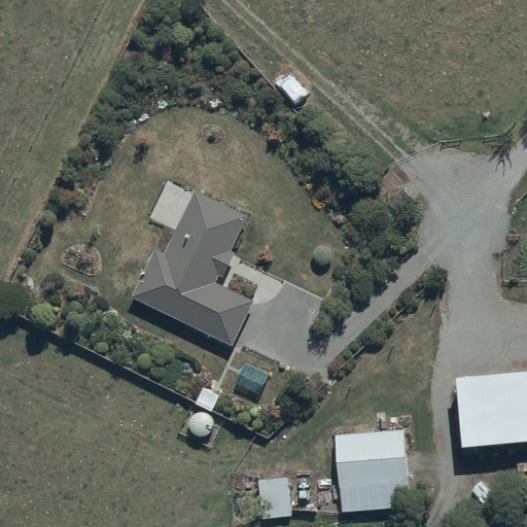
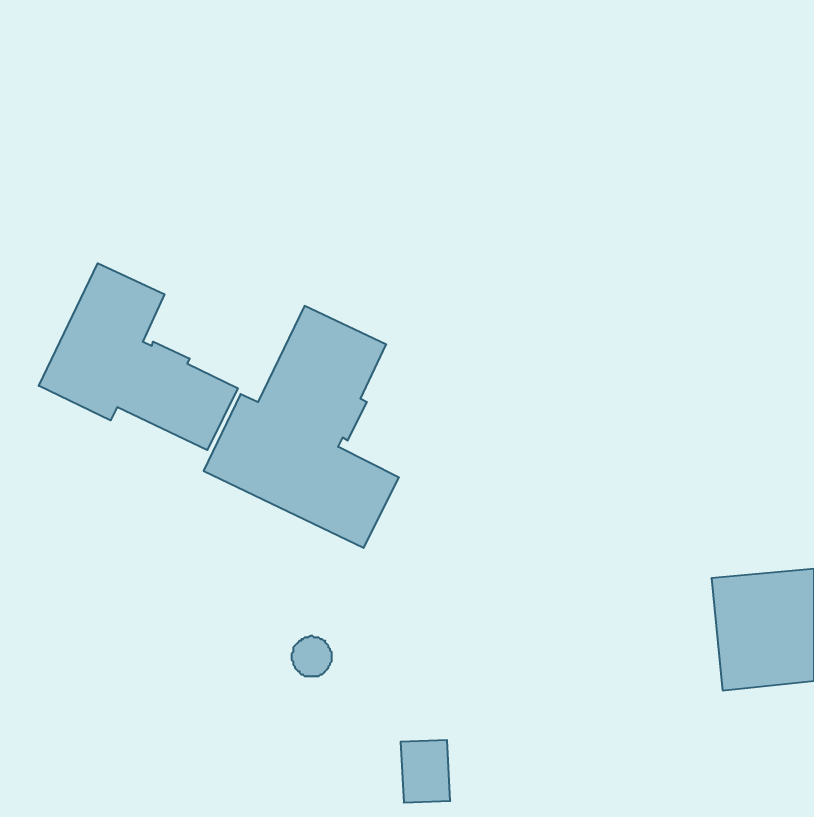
building: none -> [39,263,238,450]
building: [333,426,410,511] -> none

